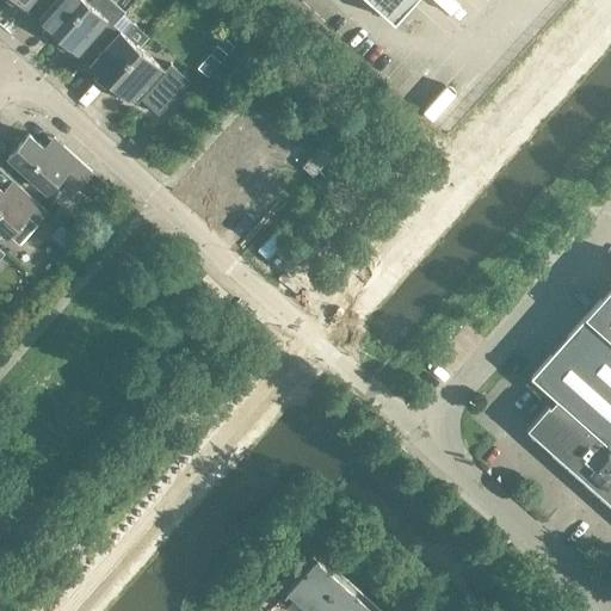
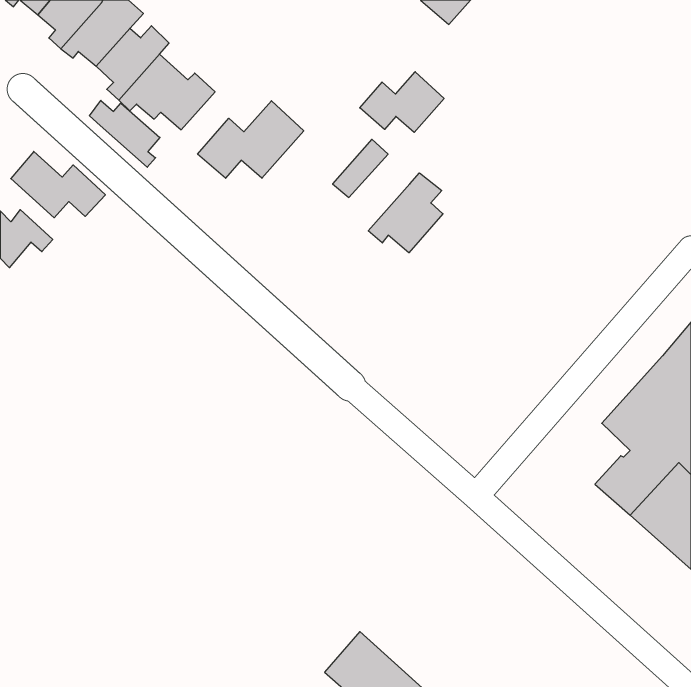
building: none -> [360,72,444,132]
building: none -> [89,100,160,167]
building: none -> [198,101,304,178]
building: none -> [368,173,443,253]

